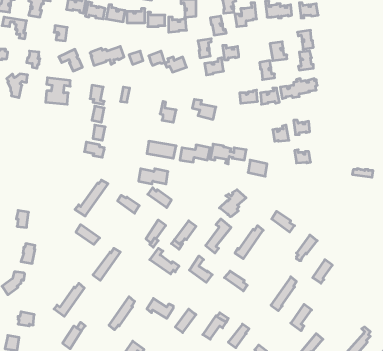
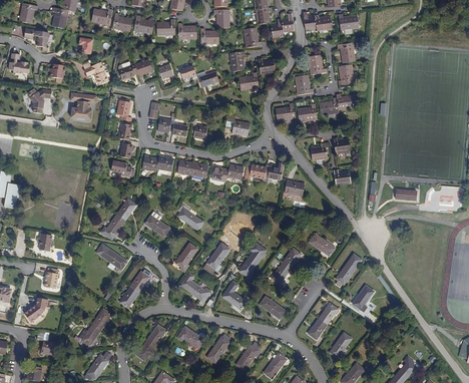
building: none -> [156,116,187,136]
building: [139,169,168,184] -> [141,155,172,171]
building: [219,190,246,217] -> none

